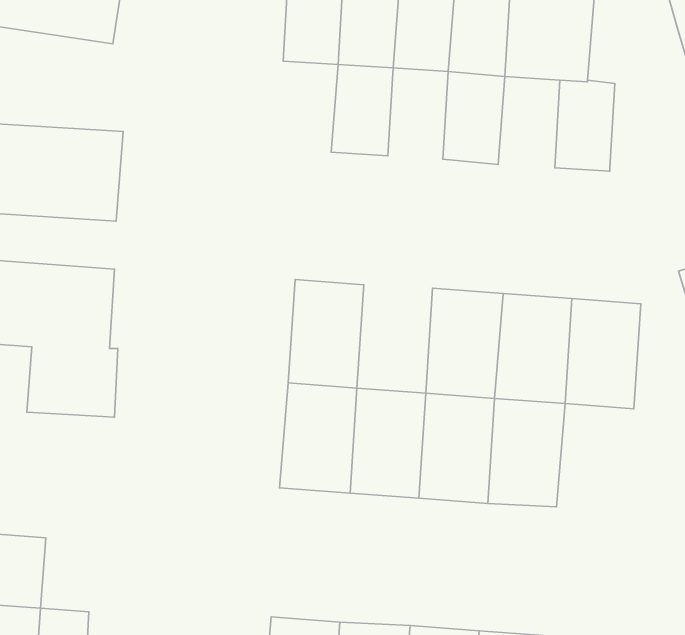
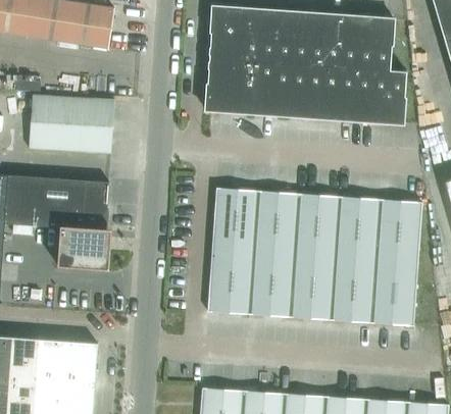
building: none -> [205,58,242,112]
building: none -> [271,62,307,116]
building: none -> [337,67,373,121]
building: none -> [253,191,298,255]
building: none -> [371,261,417,325]
building: none -> [65,341,97,384]

